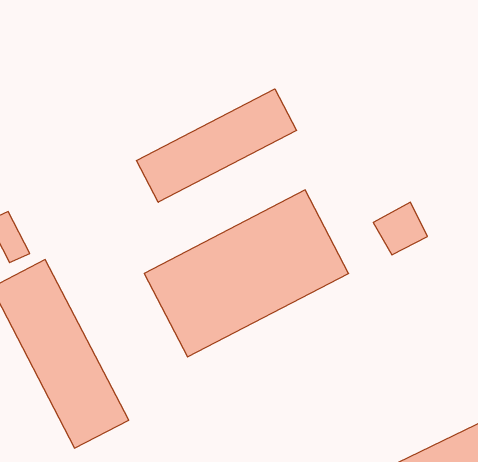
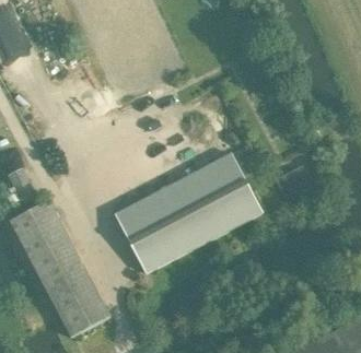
building: [136,89,297,202] -> none

